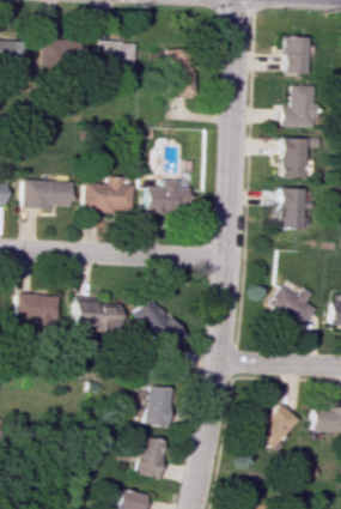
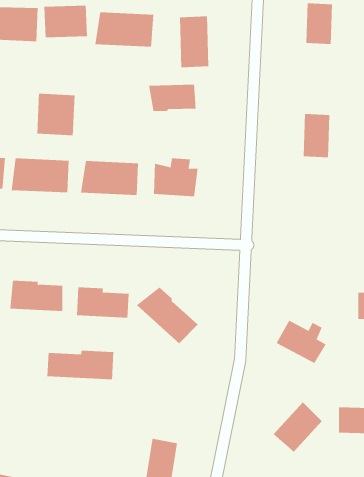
building: [282,85,319,127] -> none
building: none -> [149,84,196,112]
building: none -> [37,93,75,136]
building: [279,188,305,228] -> none
building: [269,285,316,326] -> [276,320,327,364]
building: none -> [47,350,114,380]
building: [145,384,176,428] -> none

